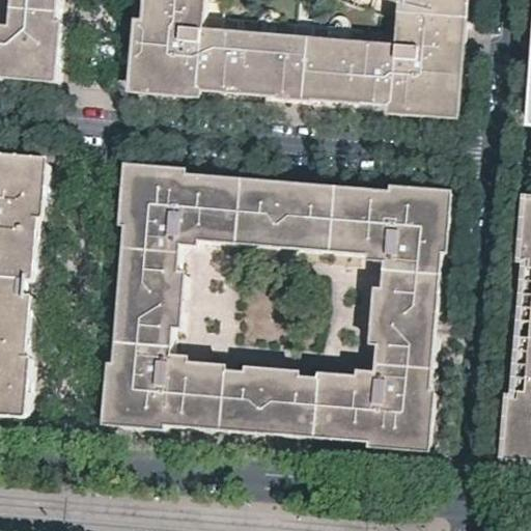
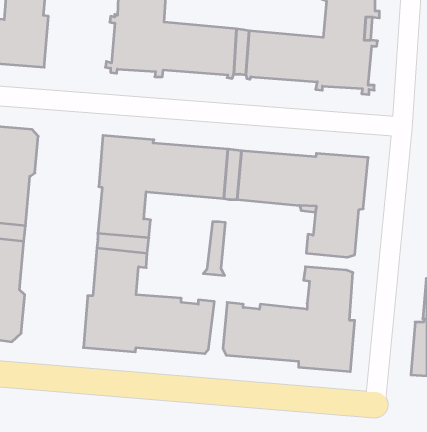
building: [372,308,432,332] -> none
building: [250,367,277,432] -> [203,222,225,275]

